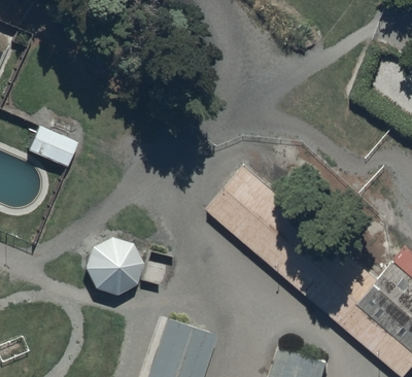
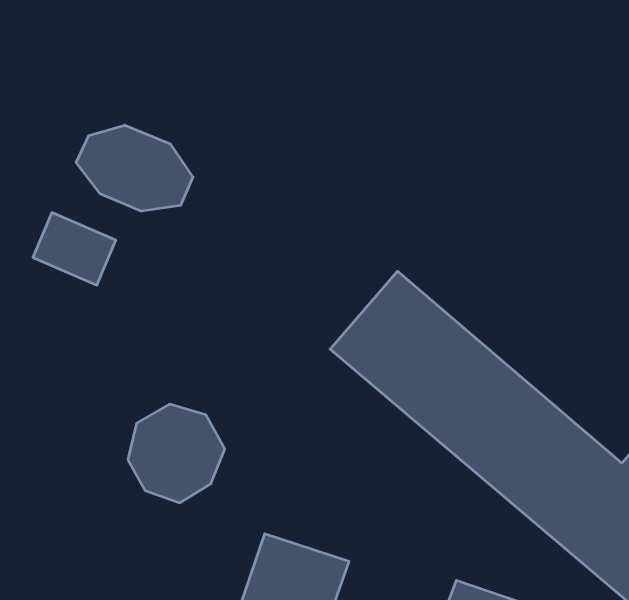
building: none -> [76,125,193,211]

